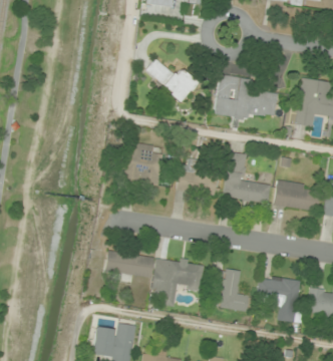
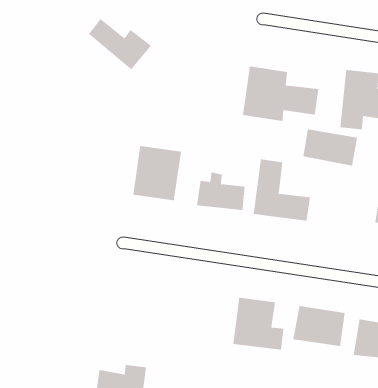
building: [144,58,198,101] -> [88,18,152,70]
building: [274,180,320,212] -> [302,129,358,166]
building: [103,250,204,306] -> none

